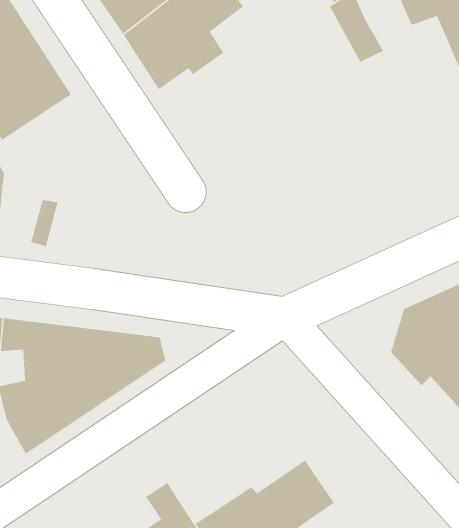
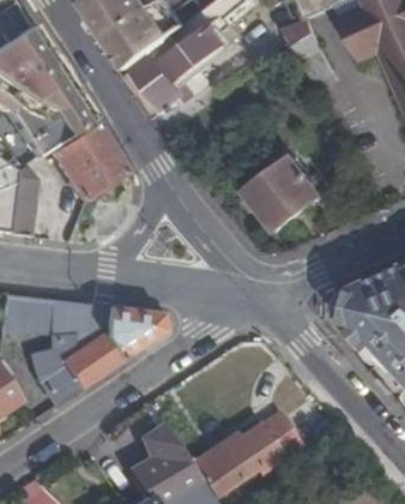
building: none -> [49,124,128,205]
building: none -> [249,157,321,229]

